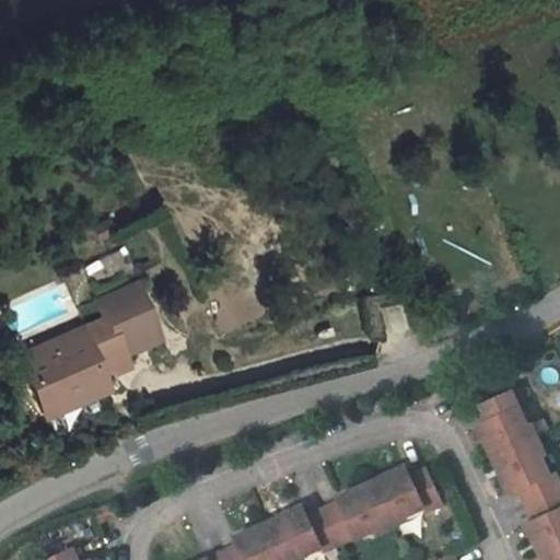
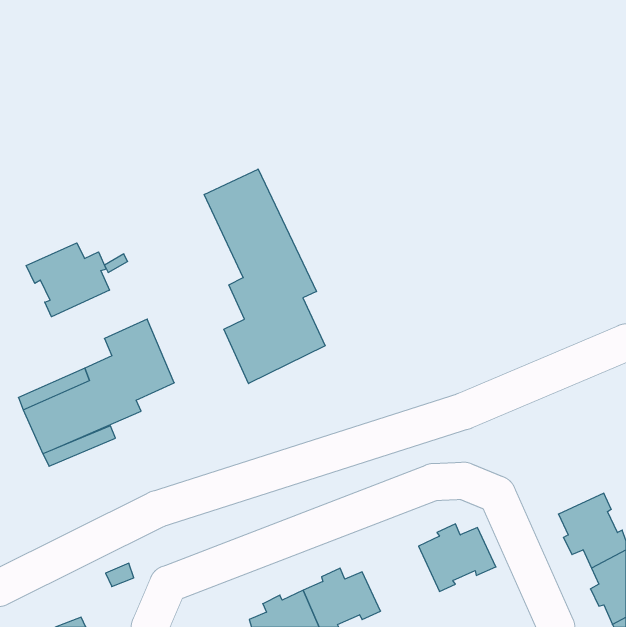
building: none -> [204,169,325,384]
building: none -> [26,243,109,317]
building: [478,389,538,458] -> none
building: [323,487,392,545] -> none

